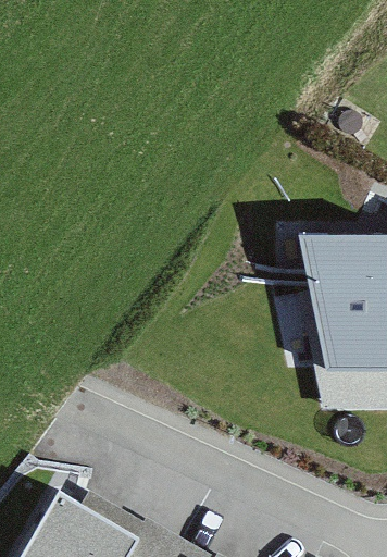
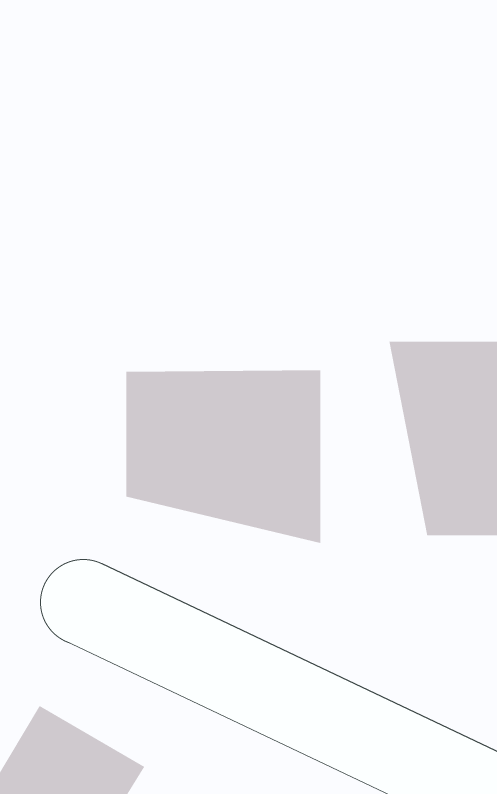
building: none -> [126,369,321,544]

